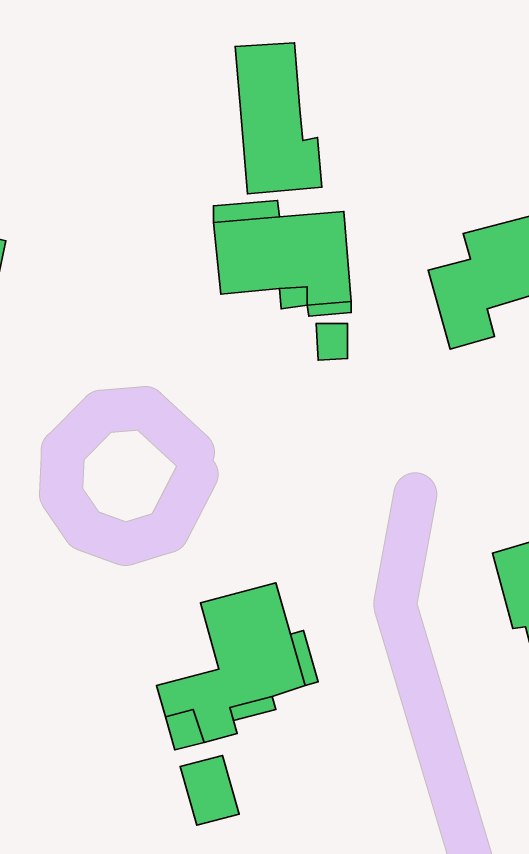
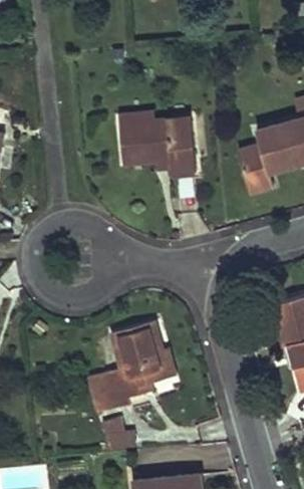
building: [235,43,322,194] -> none

